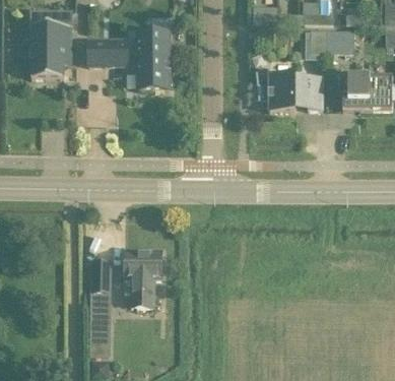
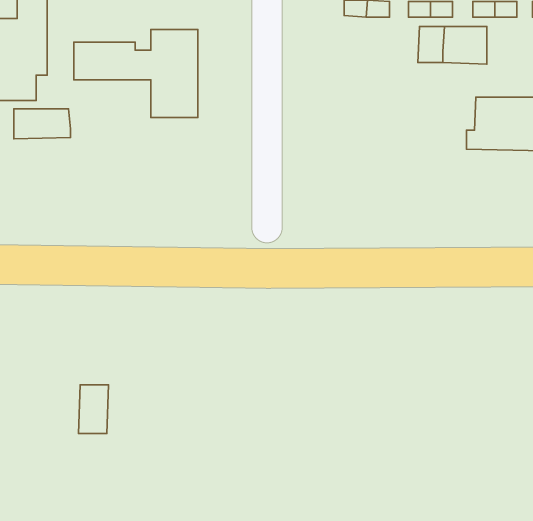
building: [255,72,321,111] -> none
building: none -> [14,109,70,139]
building: [123,248,160,306] -> none

